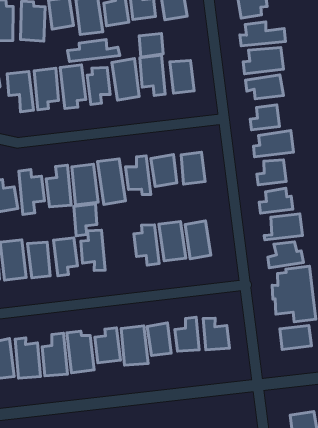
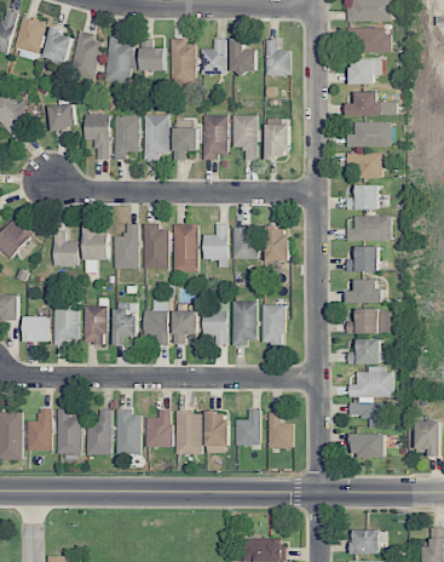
building: [139,34,163,57] -> none
building: [67,40,120,62] -> none
building: [74,204,97,236] -> [173,310,198,343]

